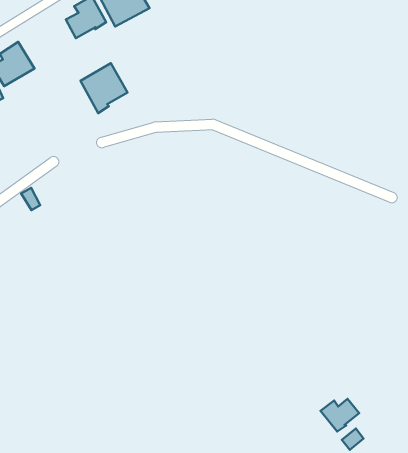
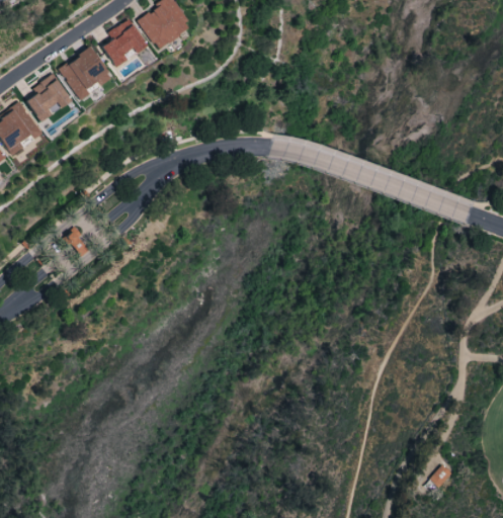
building: [80,63,128,113] -> [59,48,110,102]
building: [320,399,359,432] -> none

